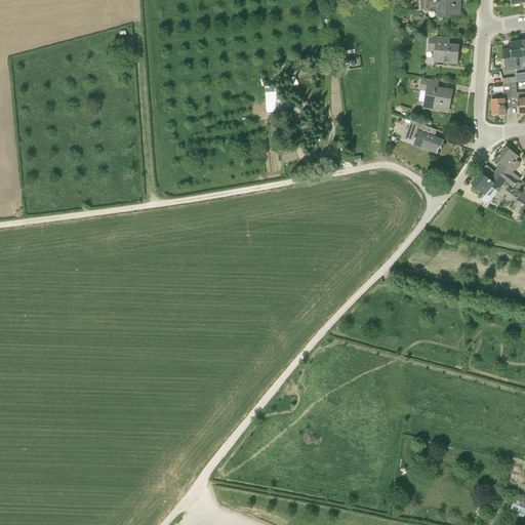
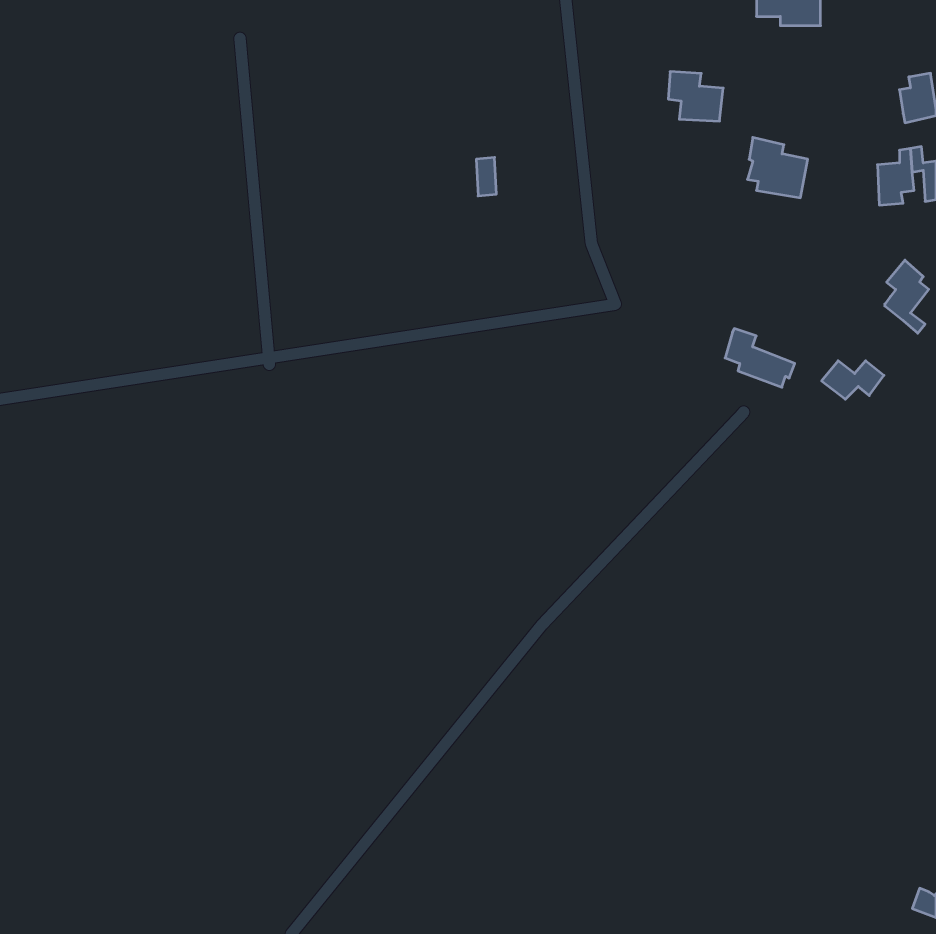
building: [429,35,459,63] -> [668,72,723,121]
building: [405,120,444,153] -> [725,329,795,387]
building: [471,171,506,193] -> [822,361,884,399]

